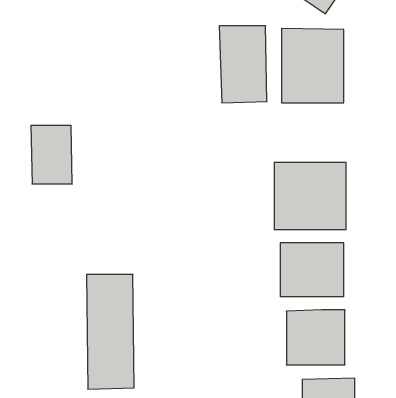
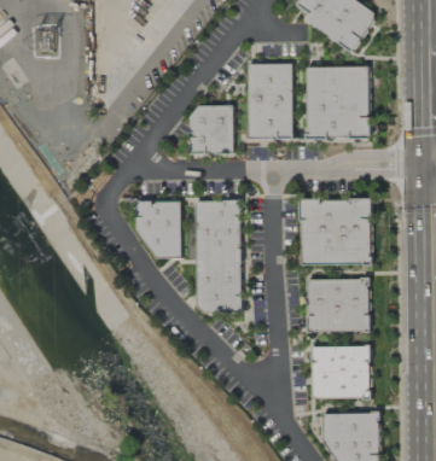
building: none -> [191,104,234,153]
building: [31,125,72,184] -> [141,200,182,258]
building: [87,274,134,389] -> [196,199,243,313]

